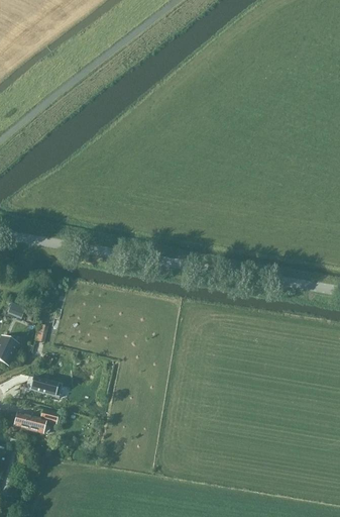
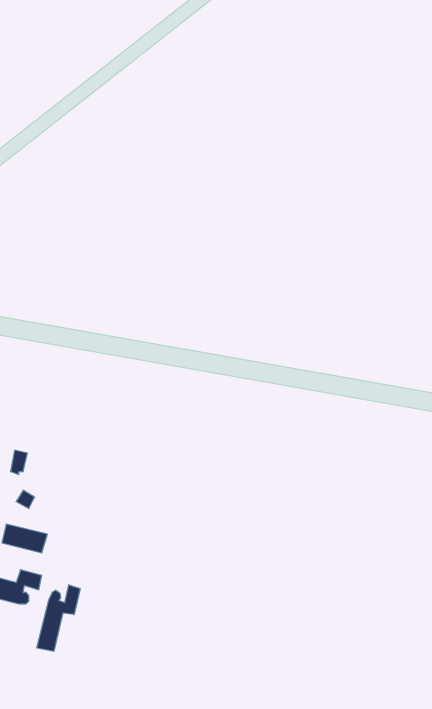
building: none -> [37,585,80,651]

